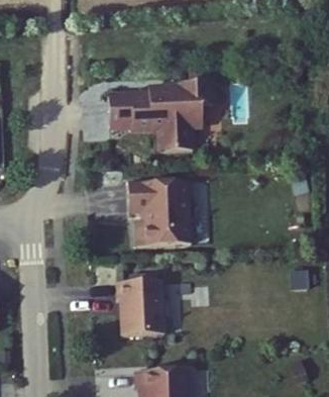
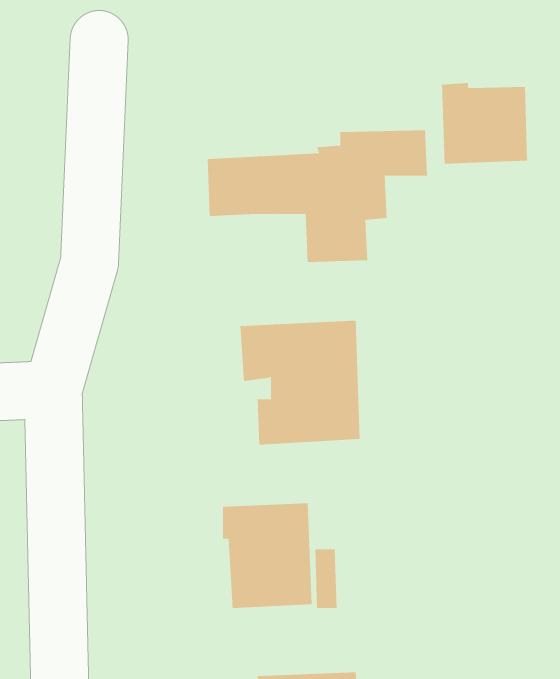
building: none -> [442,82,527,164]

